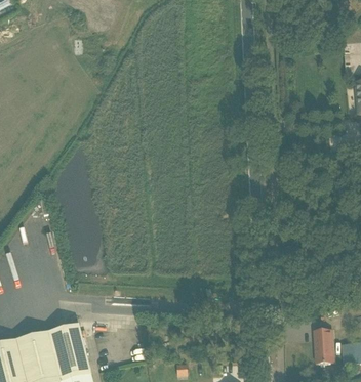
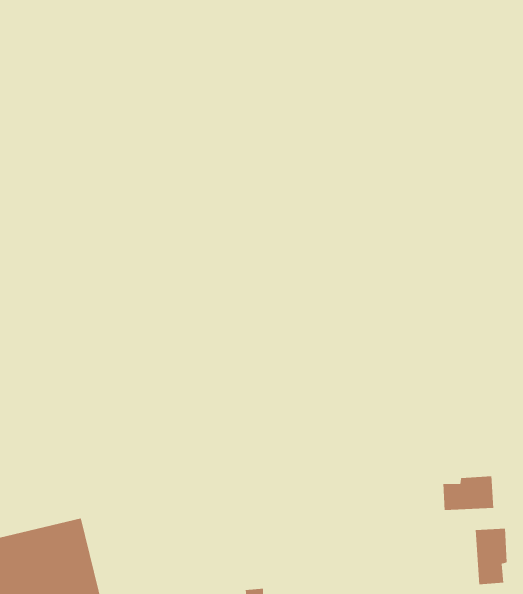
building: none -> [443,475,494,511]

